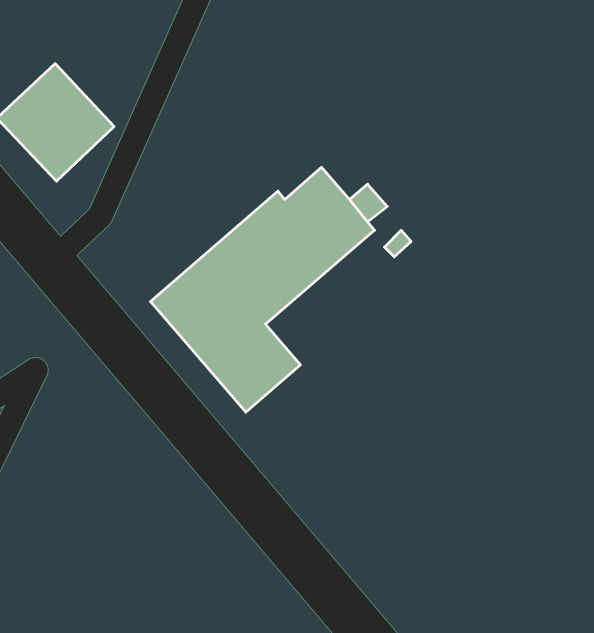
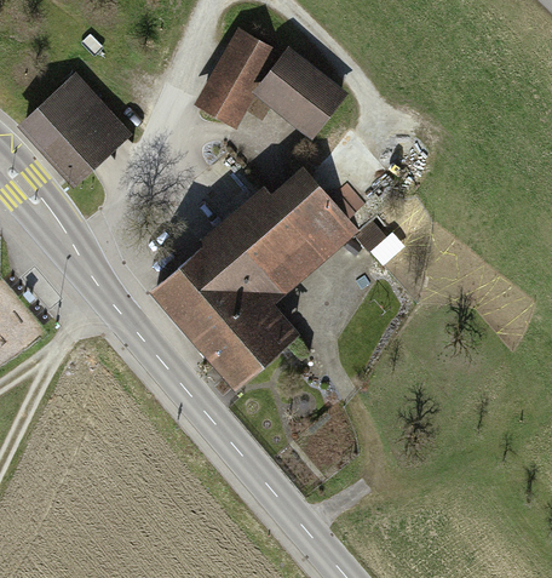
building: none -> [196,33,269,121]
building: none -> [255,51,339,131]

